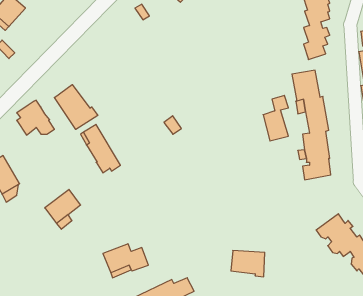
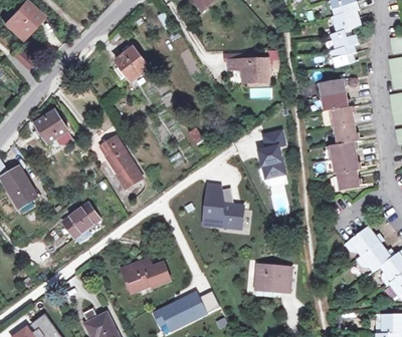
building: none -> [114,46,149,81]
building: none -> [228,58,267,81]
building: [54,85,98,129] -> none
building: [263,95,288,141] -> [257,130,283,178]
building: none -> [201,185,242,228]

